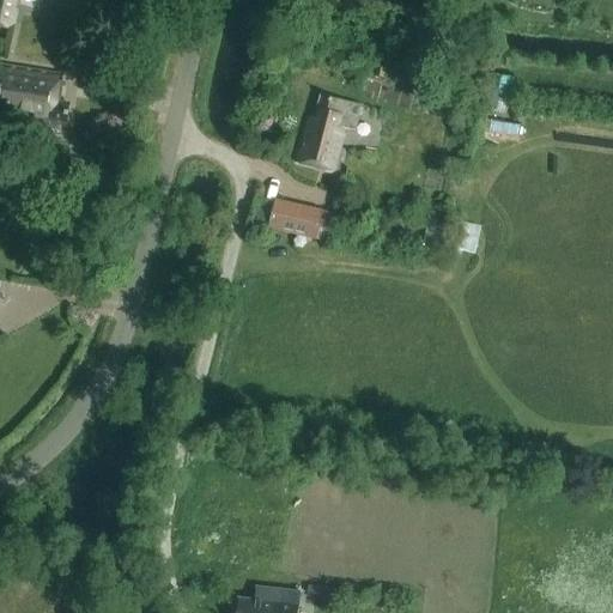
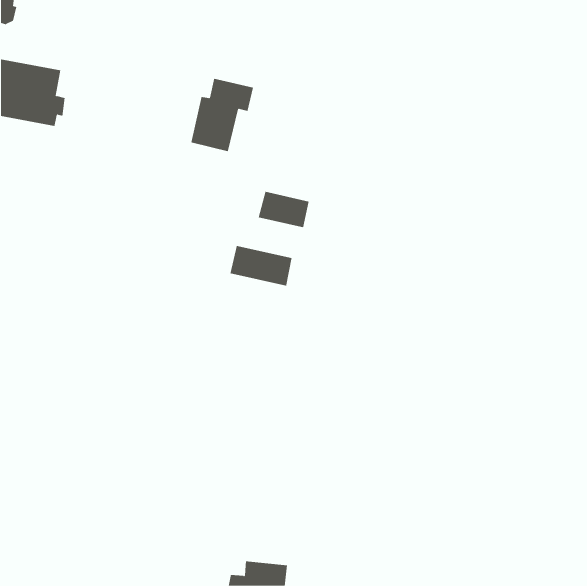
building: [296,95,362,171] -> [191,78,254,152]
building: none -> [230,245,292,286]

